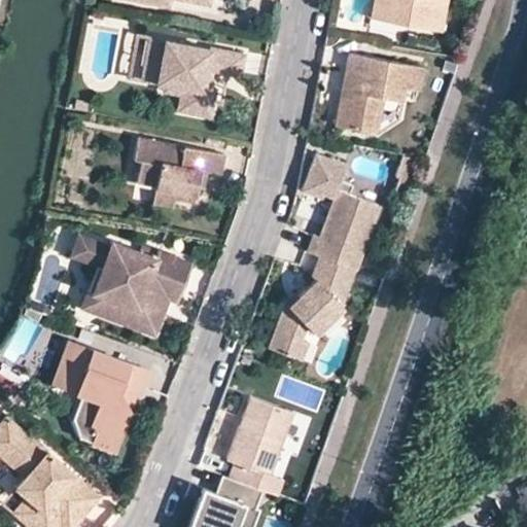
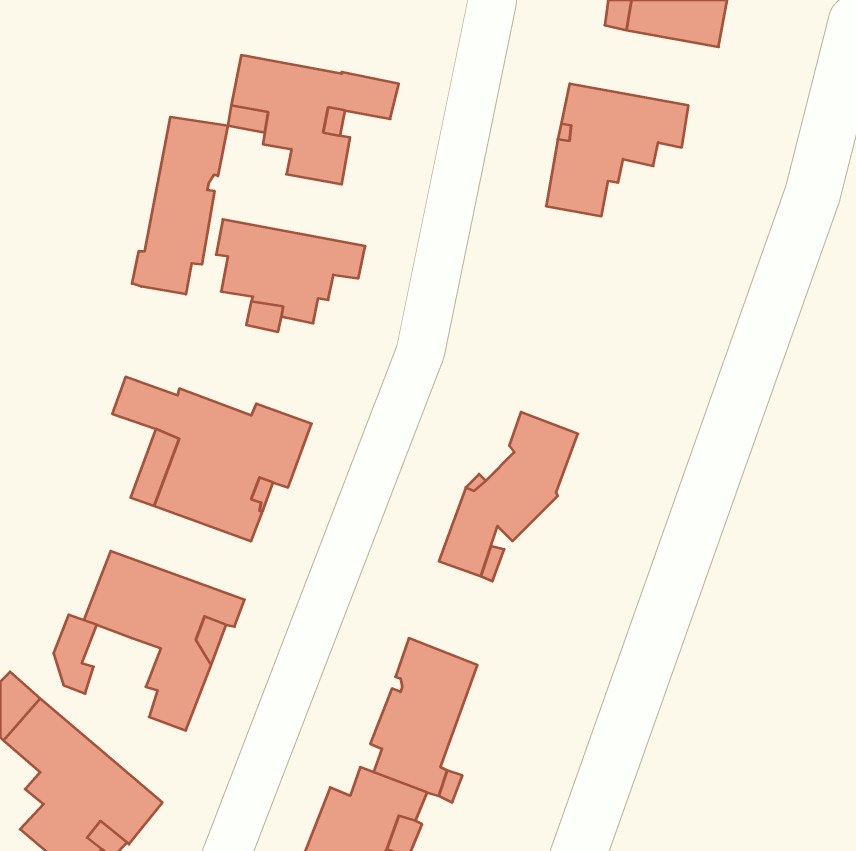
building: none -> [132,117,228,294]
building: [303,154,380,270] -> none
building: [72,395,99,444] -> [53,615,97,694]

